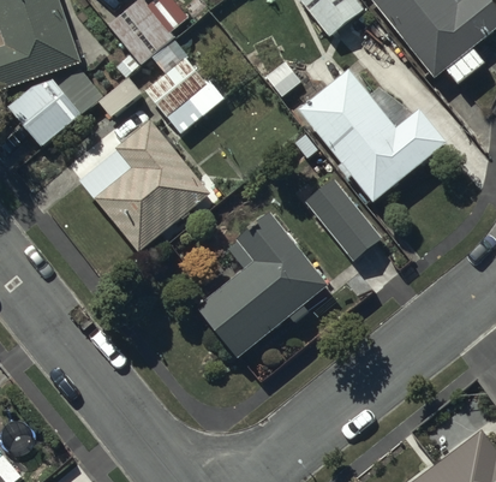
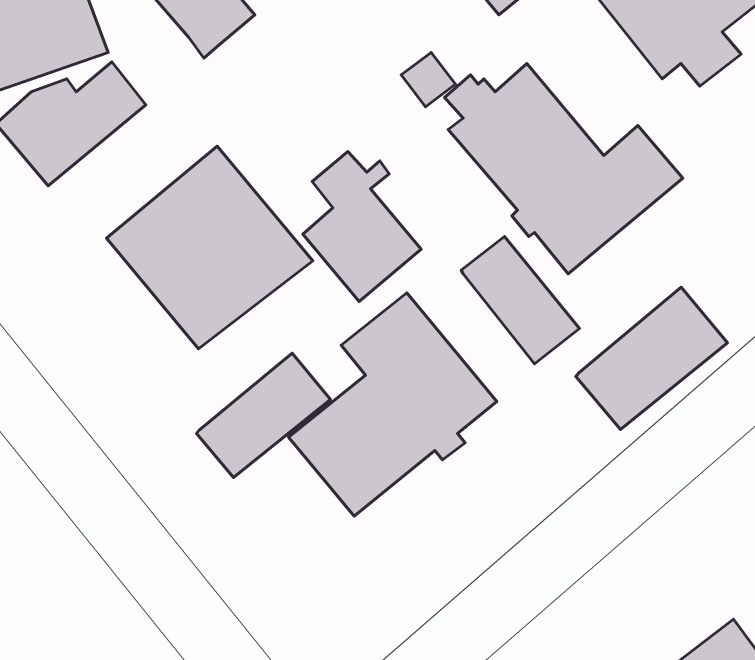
building: [145,38,221,135] -> [303,151,421,302]
building: none -> [576,287,728,429]
building: none -> [196,353,331,478]

